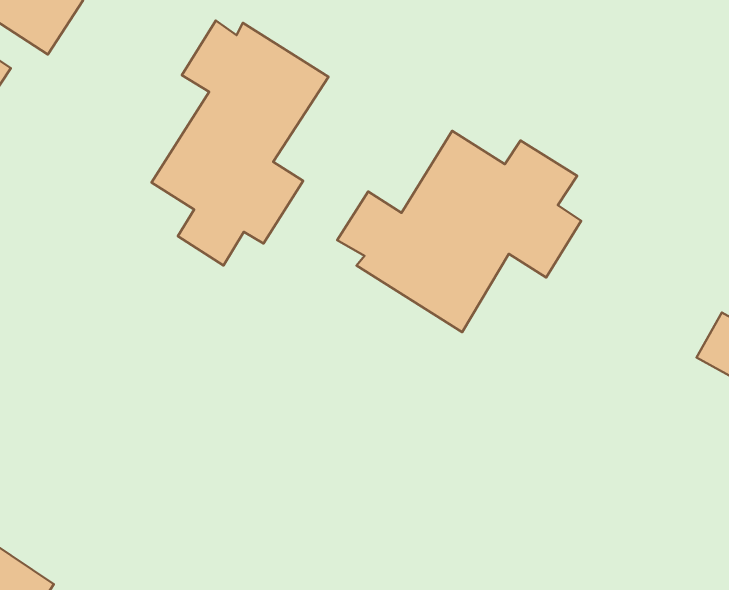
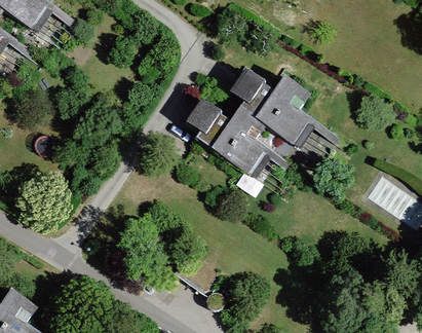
building: [151,20,329,266] -> none

